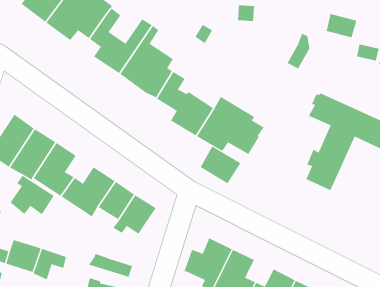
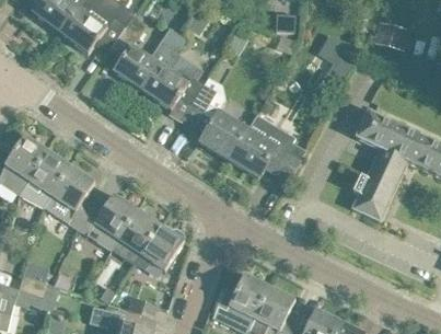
building: [200,146,241,184] -> none
building: [6,175,54,215] -> none

